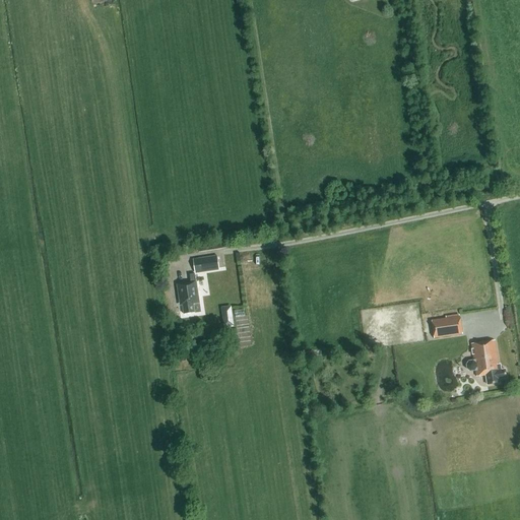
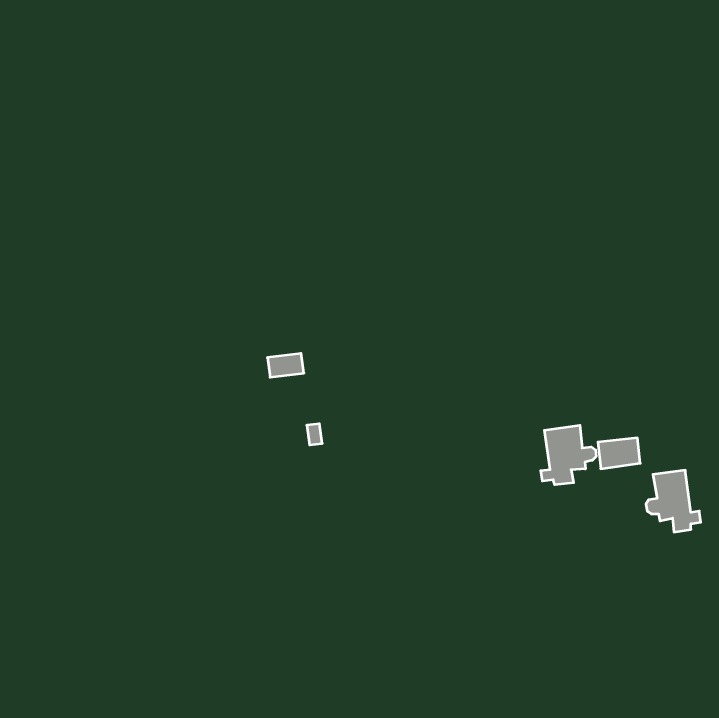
building: [178,273,199,313] -> none
building: none -> [541,425,596,485]

